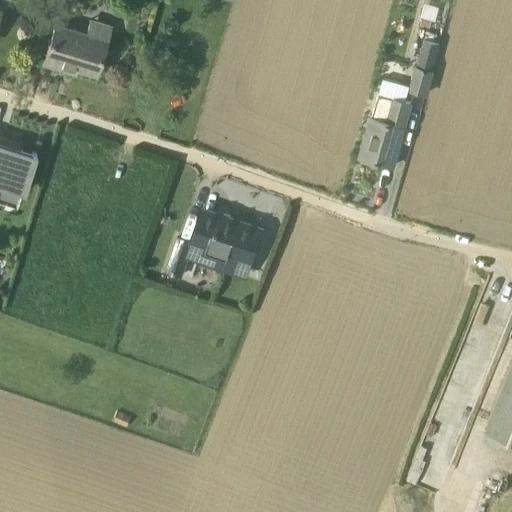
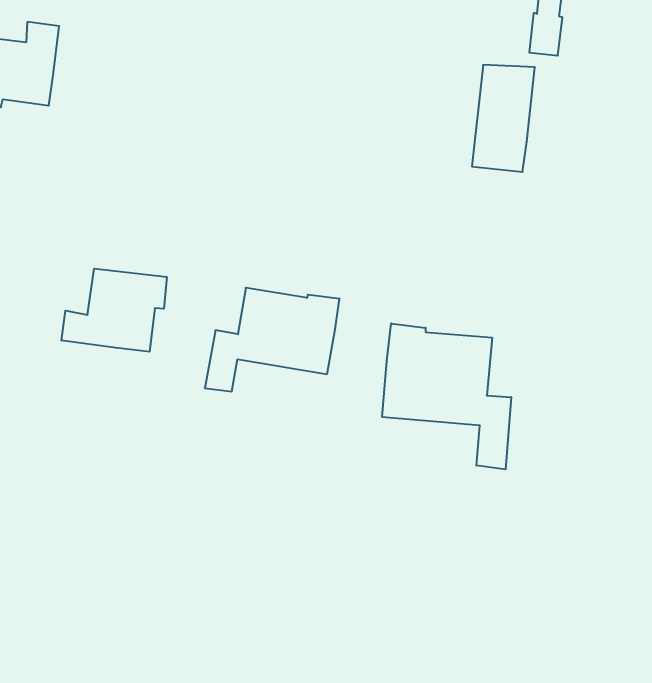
building: none -> [62,269,167,352]
building: none -> [382,323,511,469]

